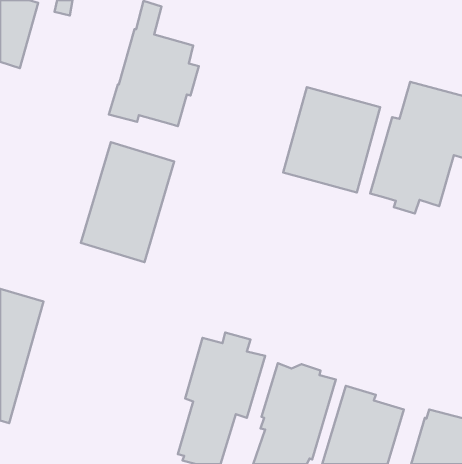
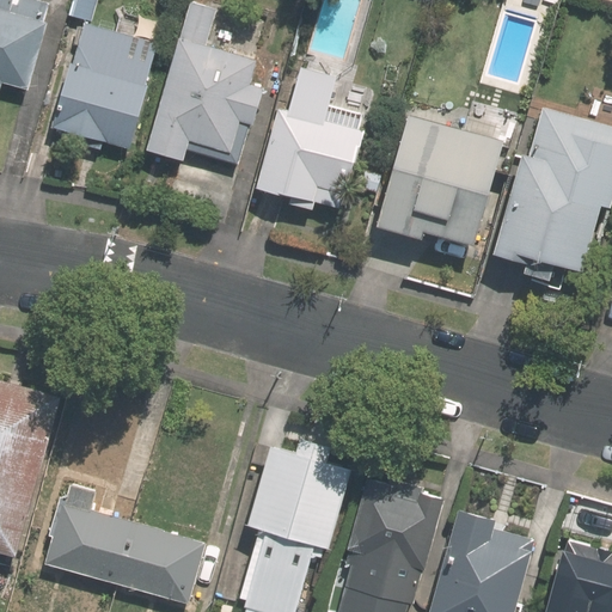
building: none -> [51,22,159,149]
building: none -> [255,67,363,210]
building: [81,142,174,262] -> none
building: none -> [45,483,207,605]

